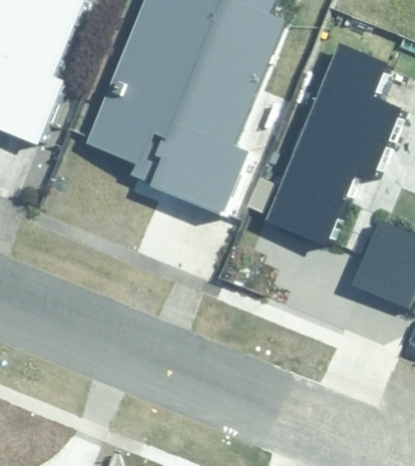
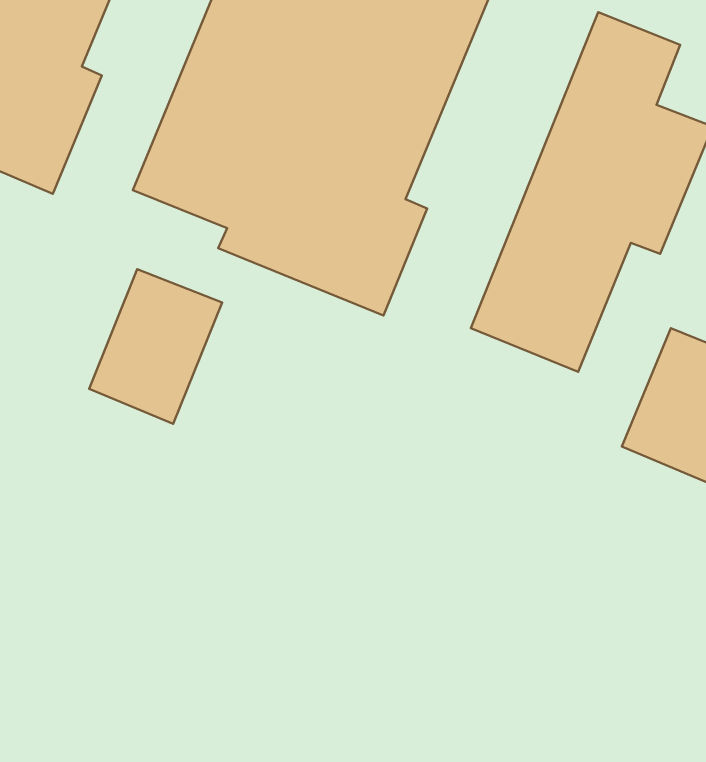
building: none -> [89,269,222,424]

